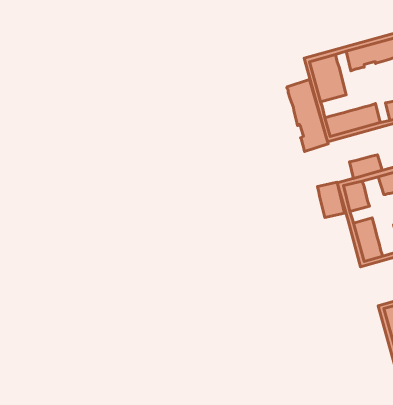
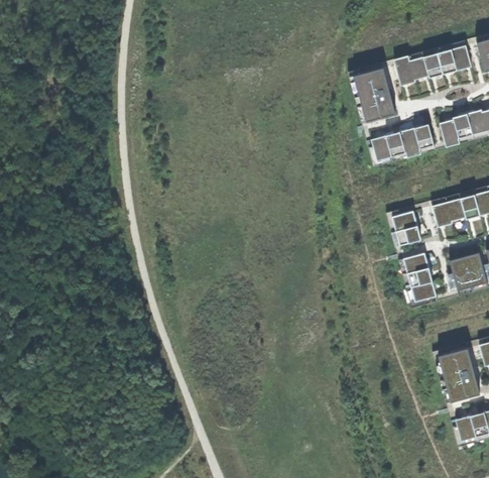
building: [287,80,328,151] -> none
building: [350,155,382,178] -> none
building: [317,182,345,218] -> none

